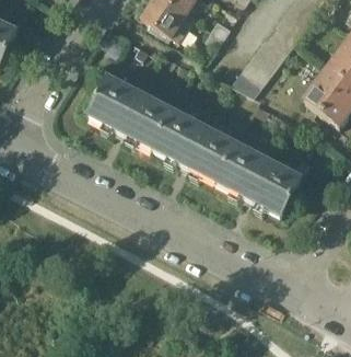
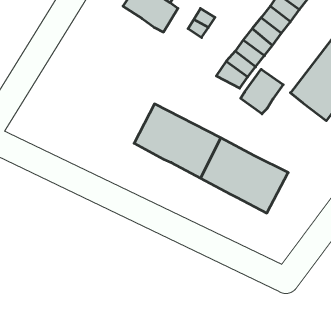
building: [89,74,173,147] -> none
building: none -> [241,69,283,114]

